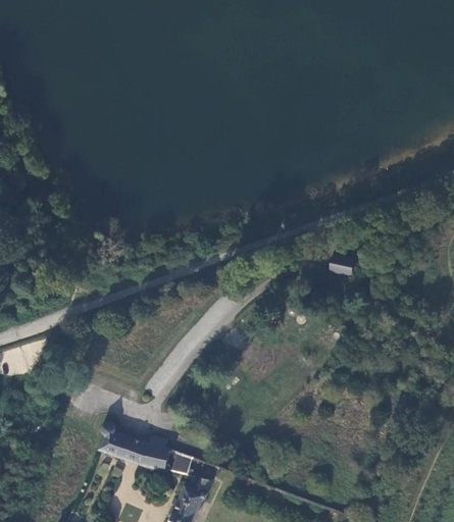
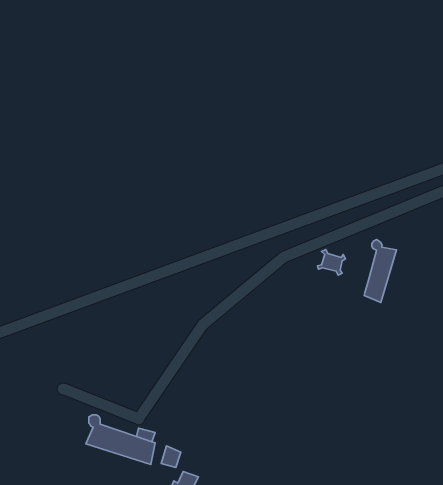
building: none -> [364,240,397,302]

